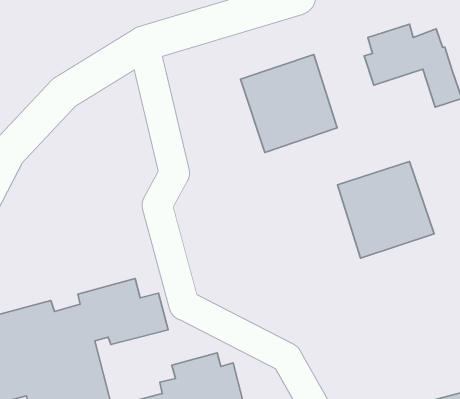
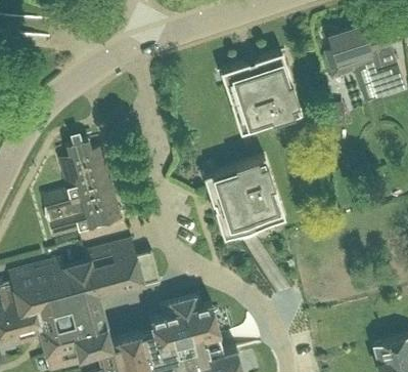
building: none -> [42,138,122,238]
building: [337,162,434,258] -> [205,157,285,238]

